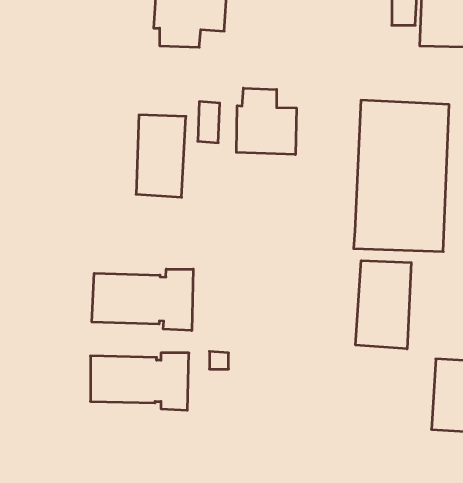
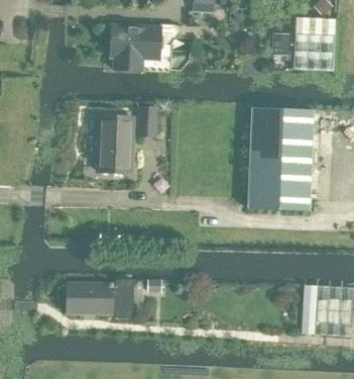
building: [236,88,296,155] -> none
building: [356,261,411,349] -> none
building: [92,269,193,331] -> none

